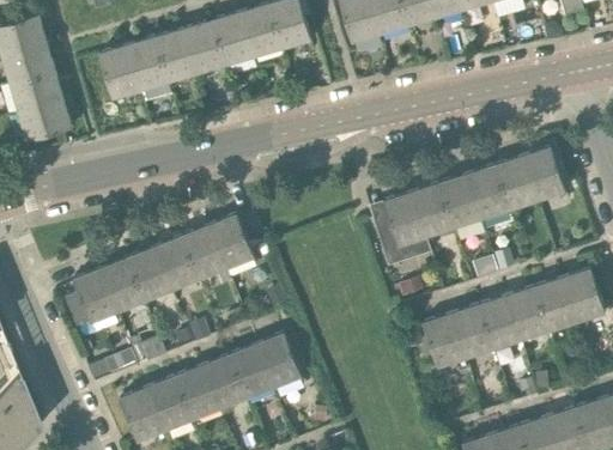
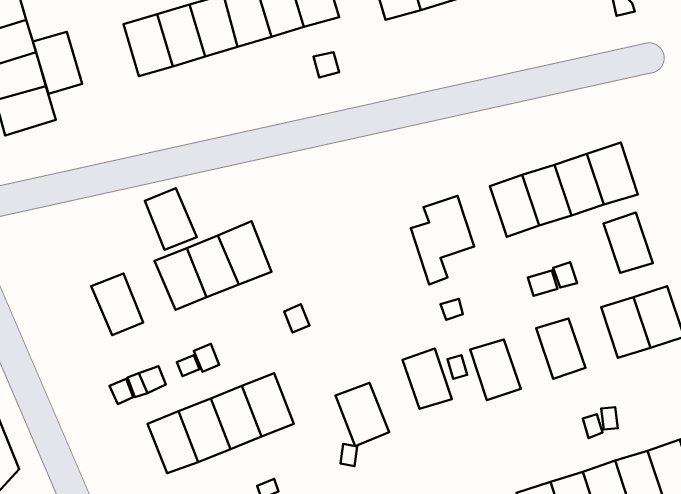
building: [99,47,141,99] -> [33,32,82,94]
building: [412,184,454,236] -> none
building: [128,248,172,300] -> [145,188,197,250]
building: [73,269,119,323] -> none
building: [506,287,548,339] -> [603,212,653,273]
building: [451,305,493,357] -> [402,348,452,409]
building: [256,333,302,387] -> [336,383,389,446]
building: [120,387,165,440] -> none

